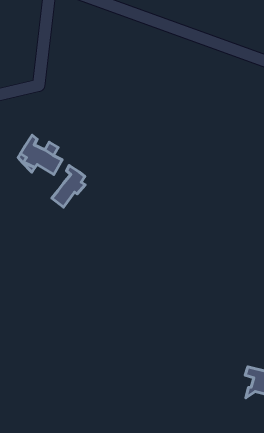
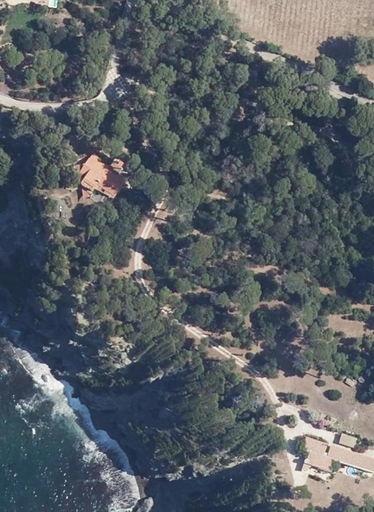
building: [52,166,85,207] -> none

